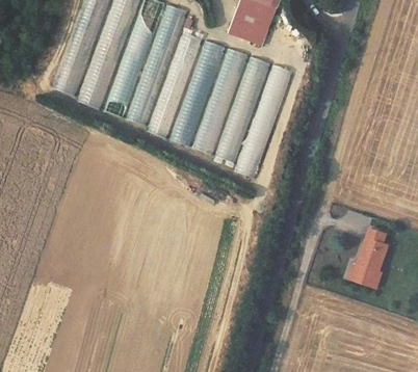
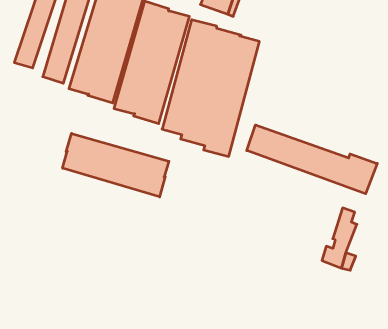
building: none -> [247,125,377,194]
building: none -> [63,133,169,197]

